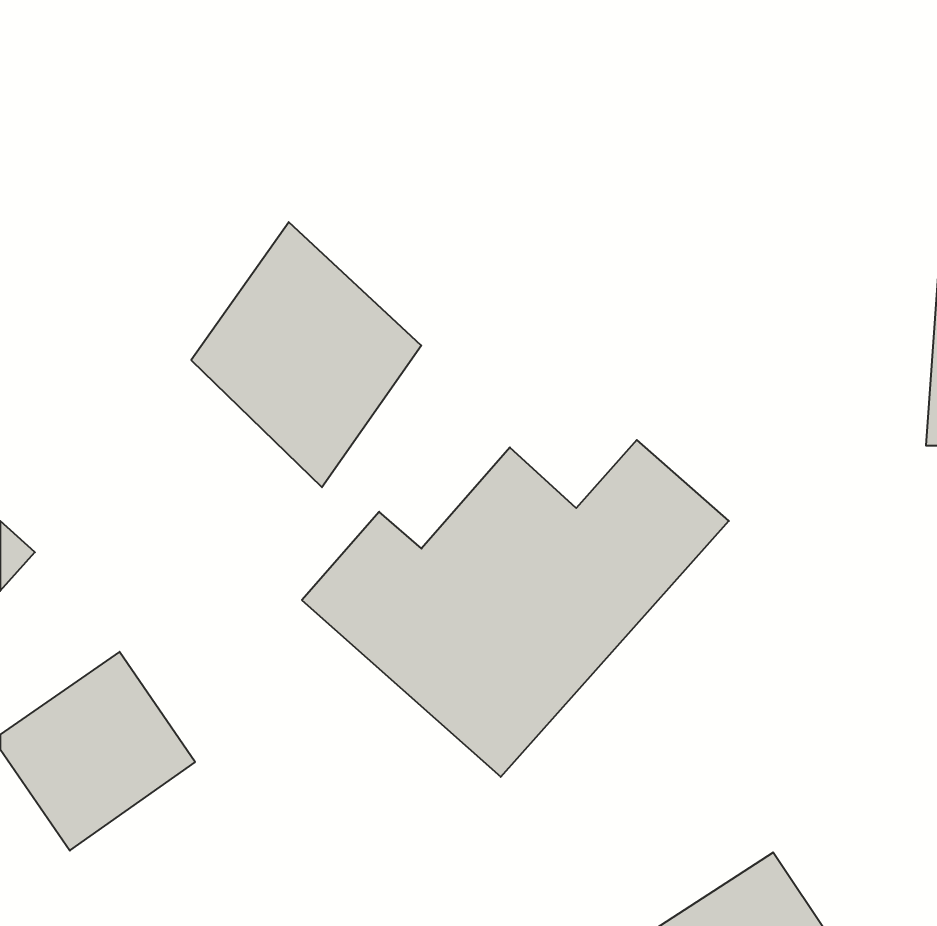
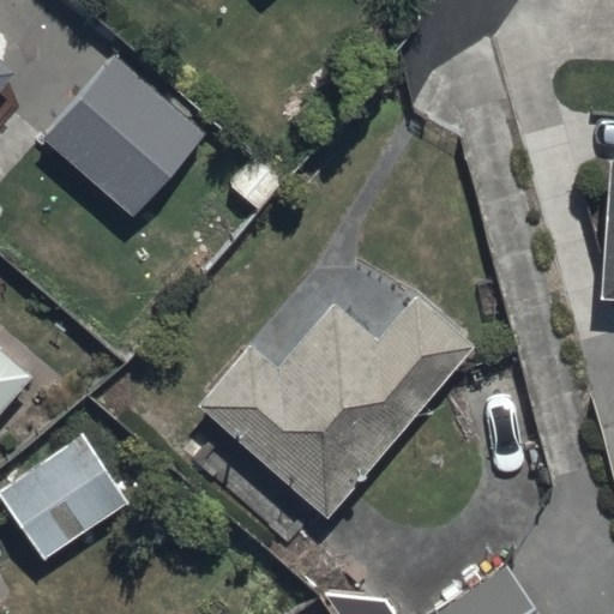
building: [191,222,421,487] -> [43,49,193,222]

